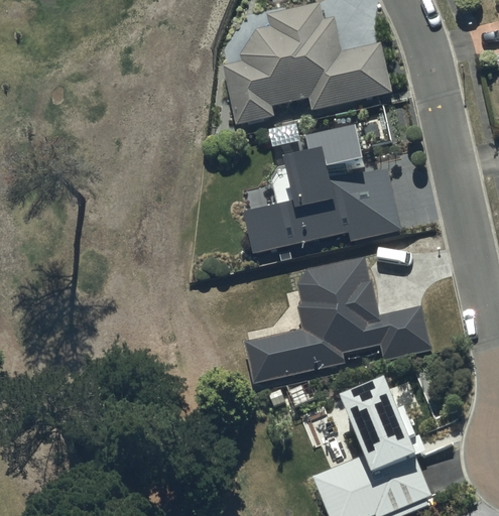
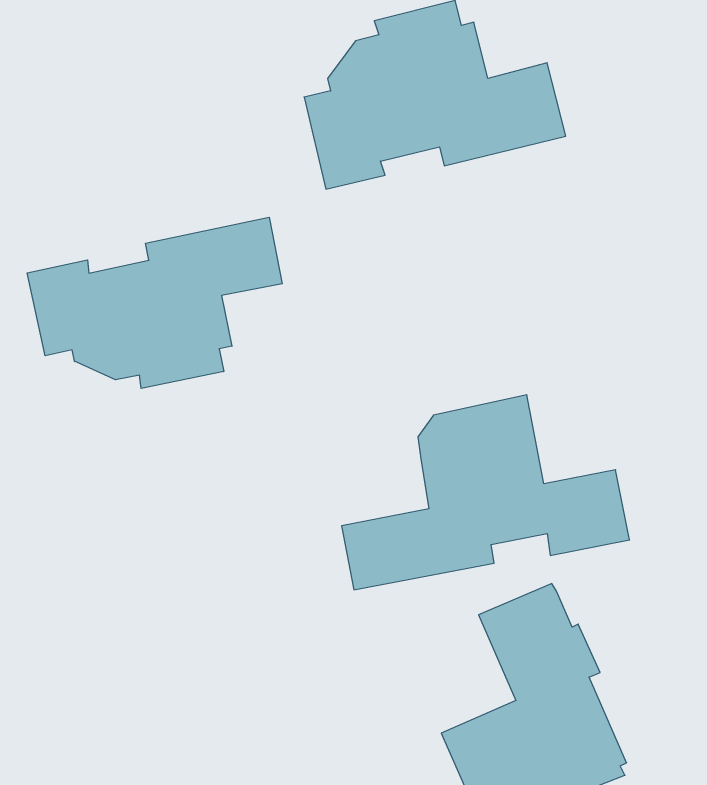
building: [246,129,405,251] -> none
building: none -> [27,217,282,388]

